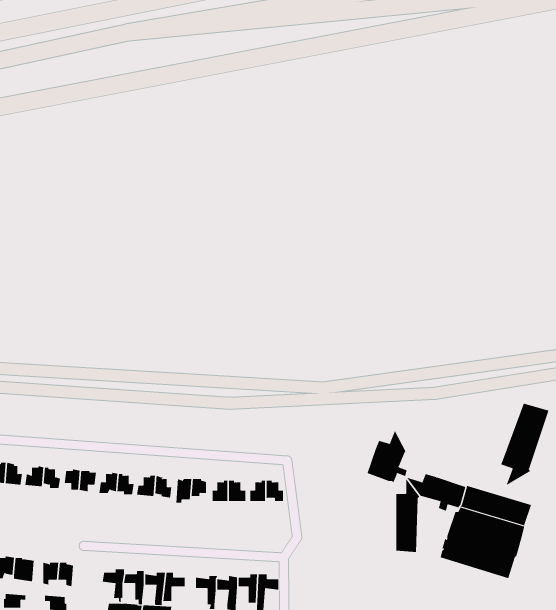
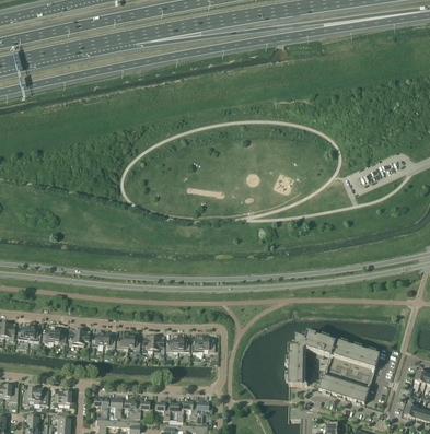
building: [501,403,549,487] -> none
building: [367,430,407,483] -> none

